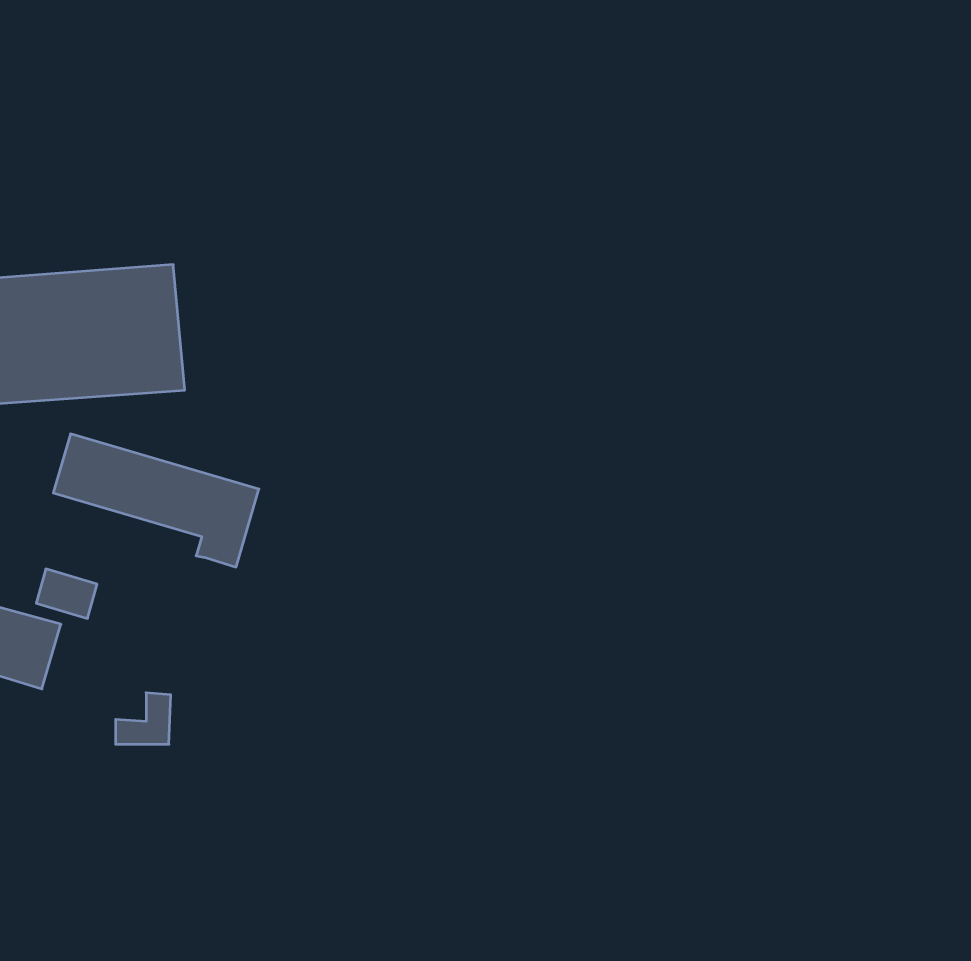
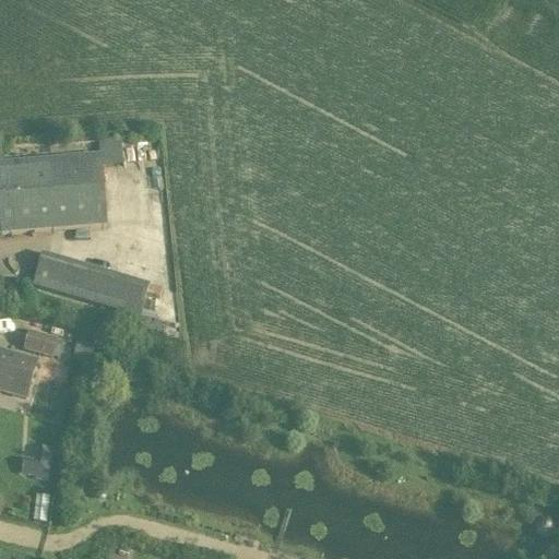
building: [116,693,171,744] -> [19,442,50,472]

